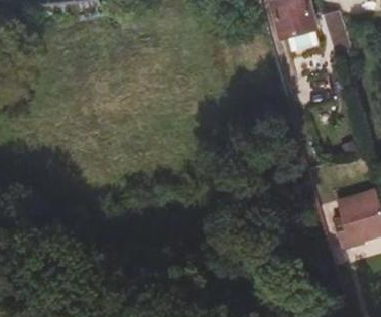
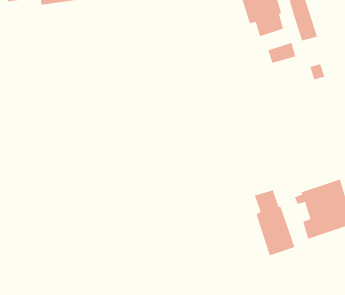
building: none -> [254,190,295,256]

